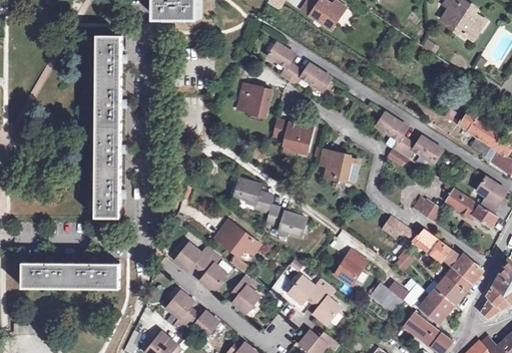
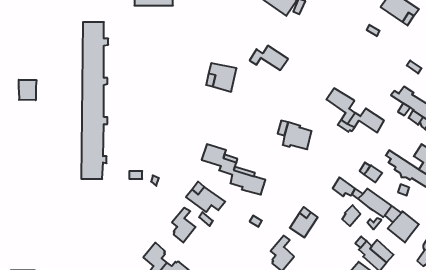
building: [268,42,296,80] -> none
building: none -> [19,80,36,100]
building: [273,121,314,153] -> none
building: [173,242,212,268] -> none
building: [22,257,118,287] -> none
building: [230,273,259,312] -> none
building: [432,274,466,304] -> none
building: [287,275,327,301] -> none
building: [371,281,402,311] -> none

